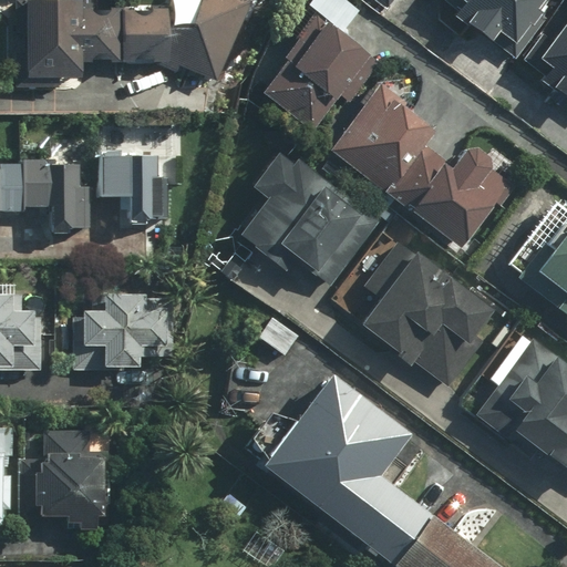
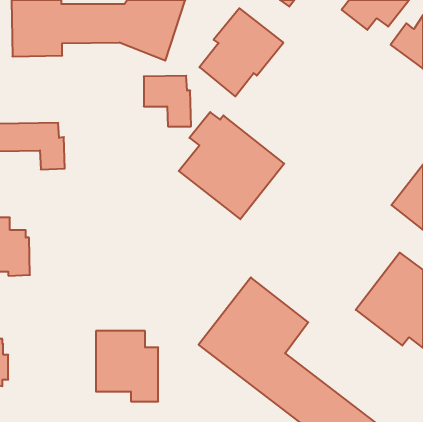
building: [329,86,513,249] -> none
building: [101,155,164,223] -> [144,76,191,126]
building: [363,243,496,385] -> none
building: [73,293,172,371] -> none
building: [23,432,106,526] -> [96,331,158,401]

